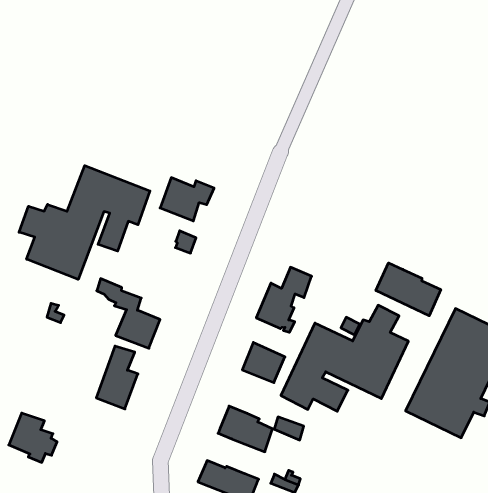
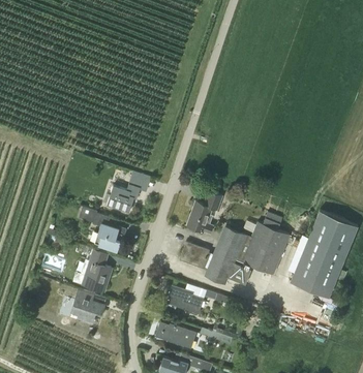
building: [19,166,150,279] -> none
building: [160,178,214,221] -> [107,185,142,213]
building: [376,263,441,316] -> none
building: [9,413,57,462] -> [71,290,103,322]

